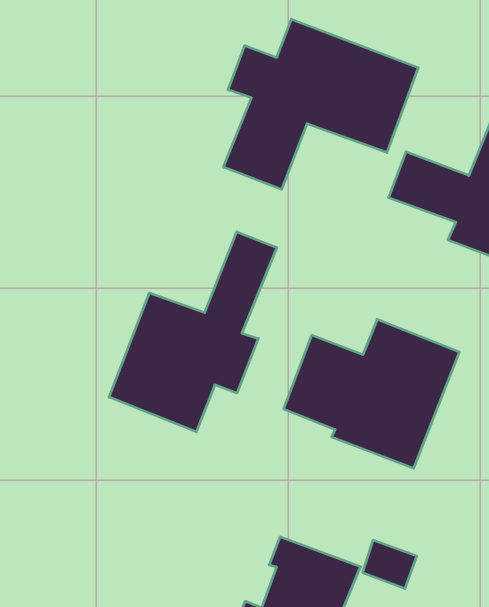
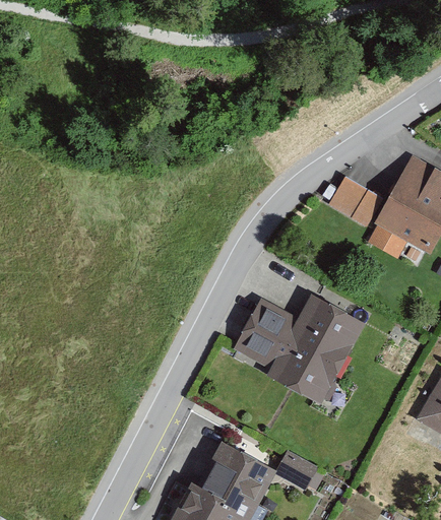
building: [224,19,418,189] -> none
building: [109,232,277,432] -> none

